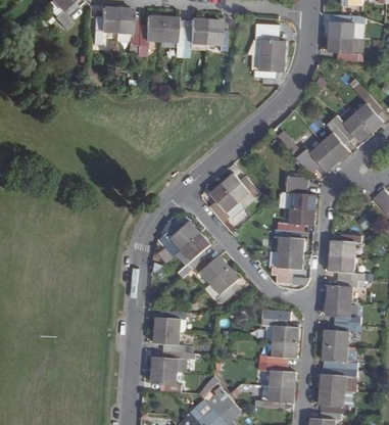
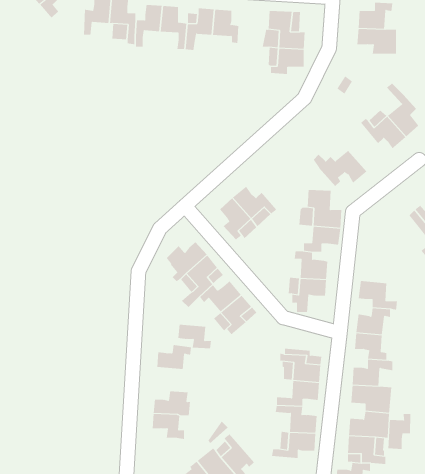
building: [321,119,348,160] -> none
building: [331,234,360,256] -> none
building: [154,329,184,350] -> [178,324,212,349]
building: none -> [388,413,411,450]

